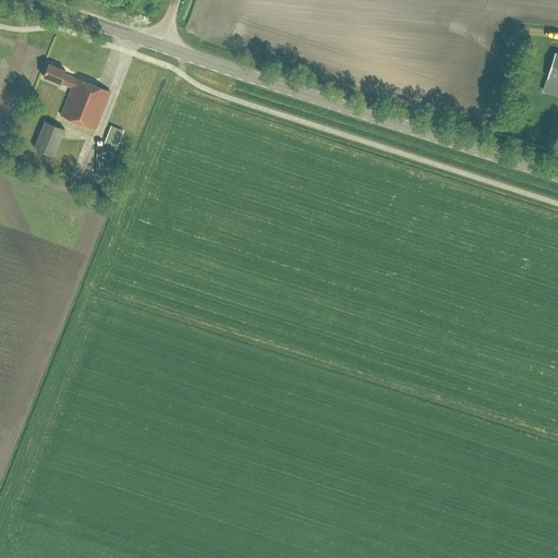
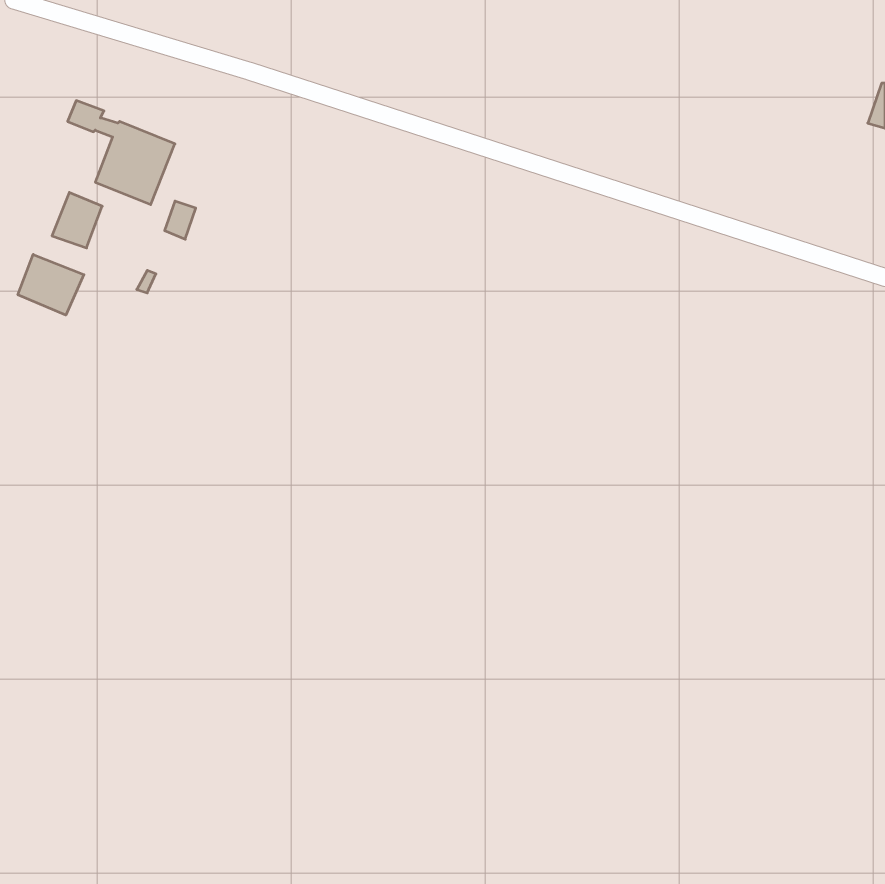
building: none -> [18,254,84,315]

